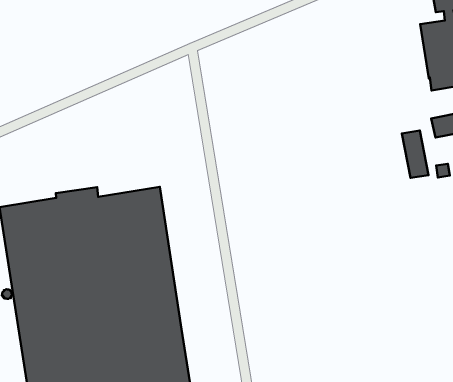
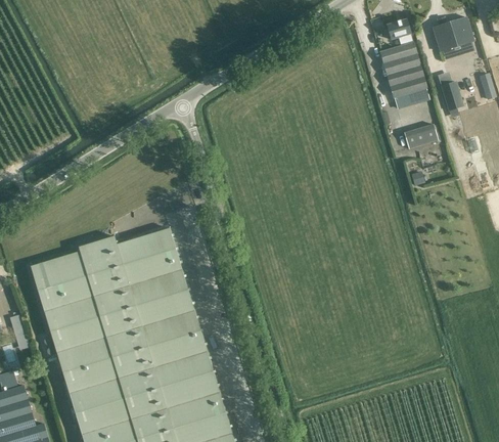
building: [402,131,429,178] -> none

